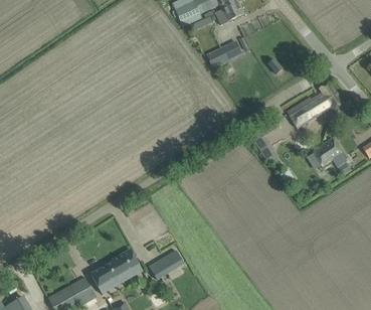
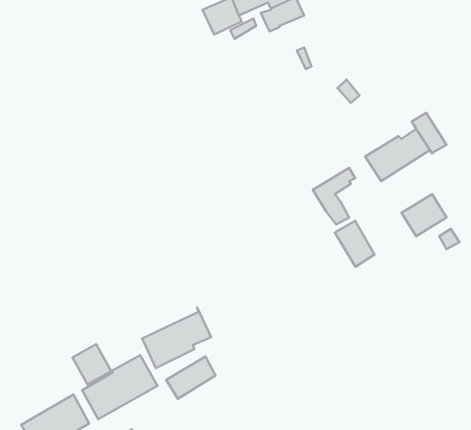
building: [205,40,240,66] -> none
building: none -> [335,221,374,267]
building: none -> [142,308,211,368]
building: none -> [72,344,111,384]

